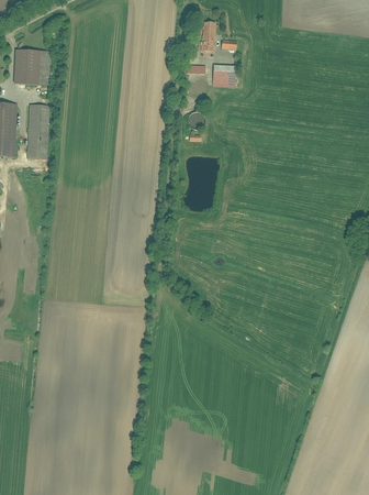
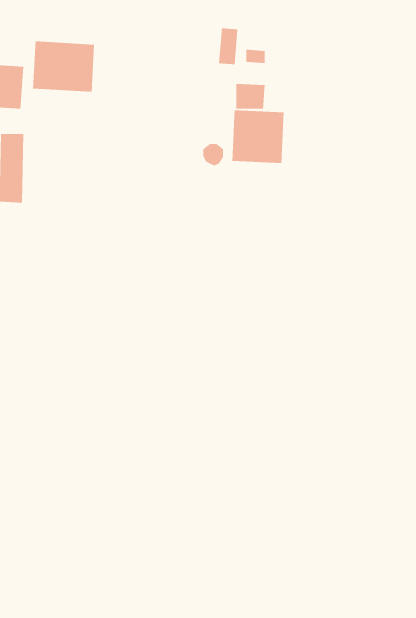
building: none -> [33,40,95,93]
building: none -> [232,109,284,164]

